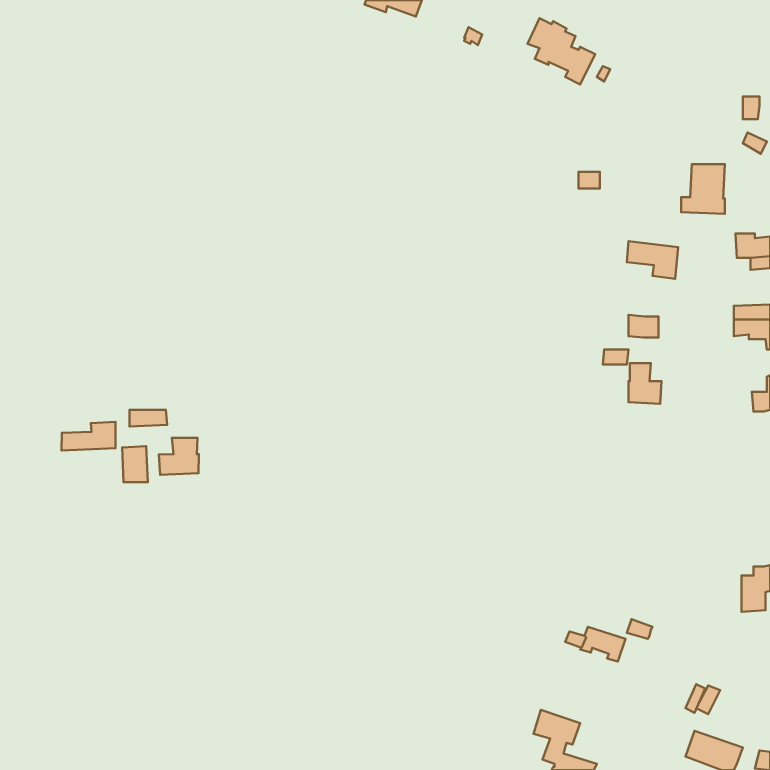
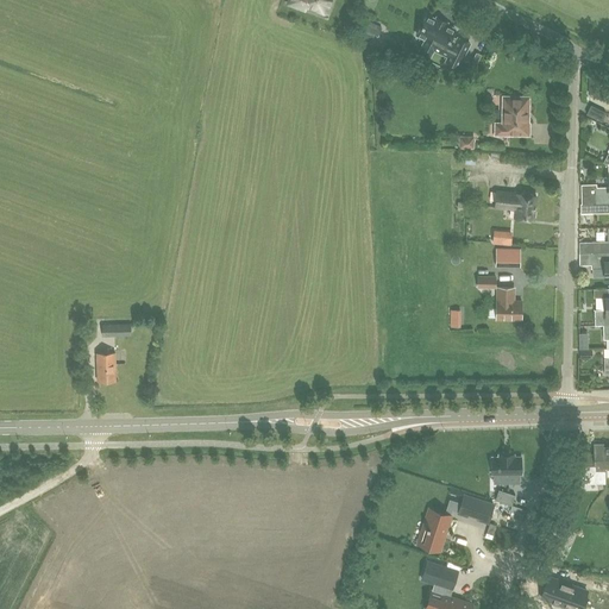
building: [681,164,725,214] -> [495,96,529,136]
building: [61,422,116,450] -> none
building: [159,438,199,475] -> none
building: none -> [491,457,521,483]
building: none -> [417,508,450,548]

